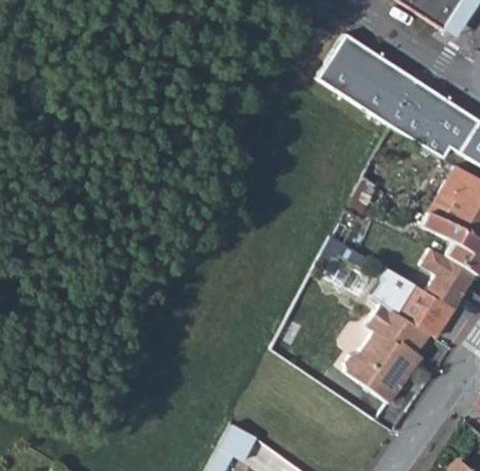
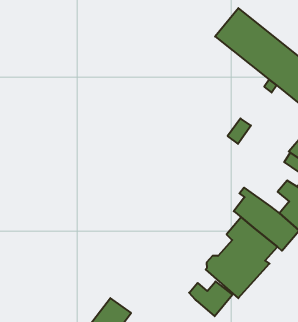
building: none -> [189,281,232,316]

